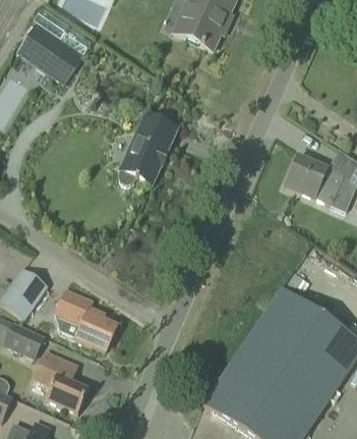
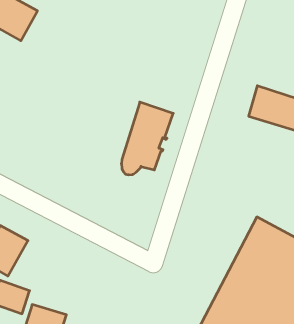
building: [120,112,178,184] -> [121,102,173,175]
building: [56,297,118,350] -> none

